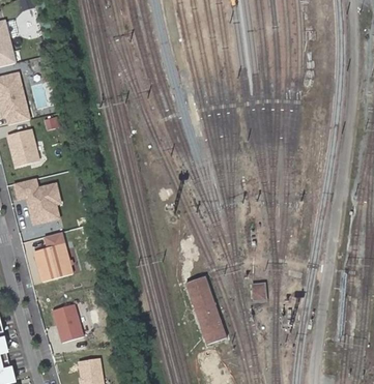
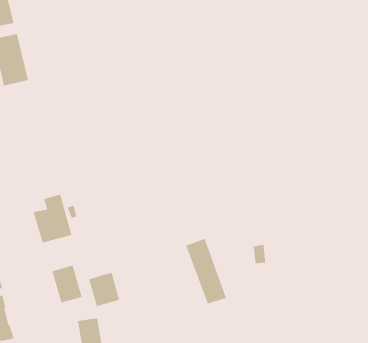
building: [7,130,39,167] -> none
building: [13,179,60,226] -> none
building: none -> [89,272,120,307]

